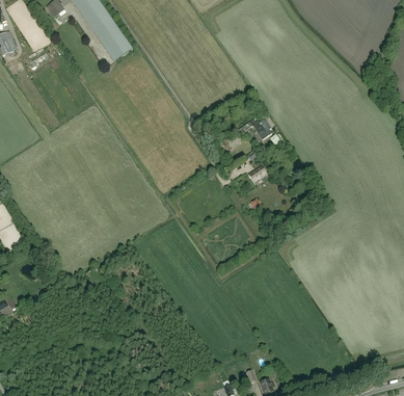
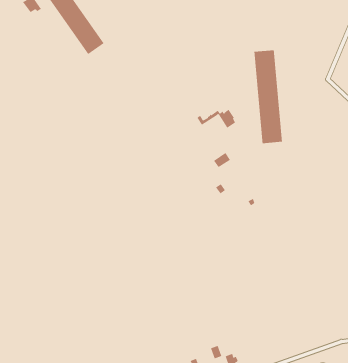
building: none -> [254,49,283,144]

